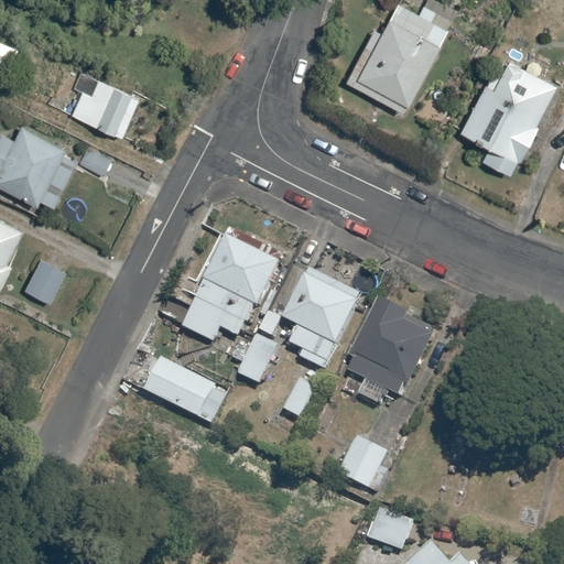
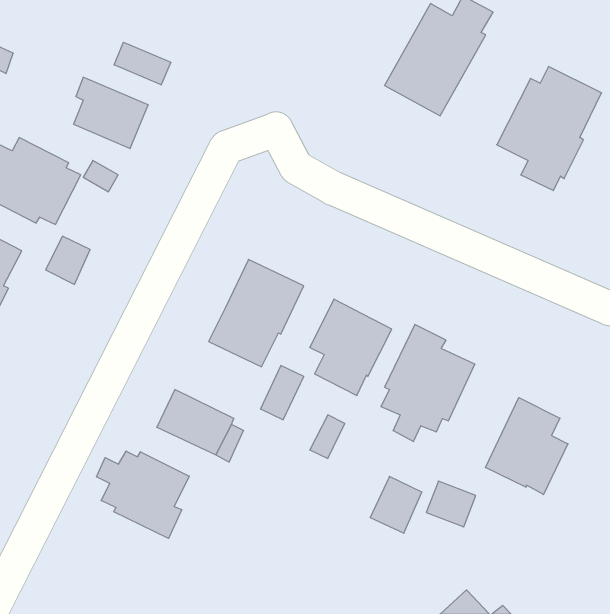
building: none -> [114,42,171,85]
building: [21,258,62,302] -> [46,236,90,284]
building: none -> [485,398,568,495]
building: none -> [97,451,189,538]
building: [367,507,412,549] -> [426,481,476,527]

